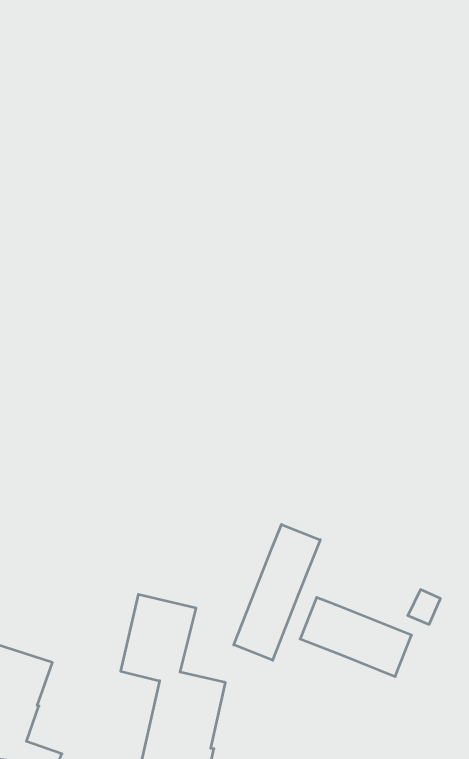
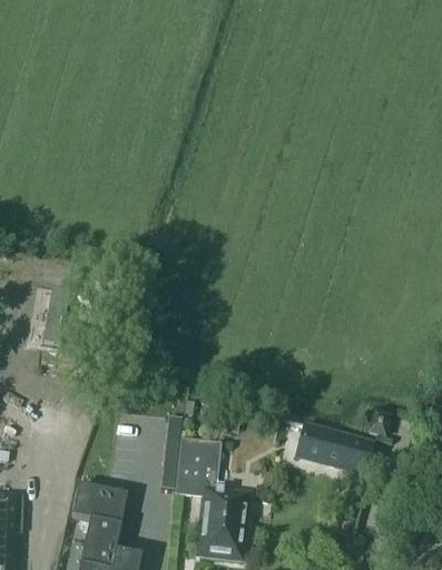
building: [234,524,320,660] -> none

